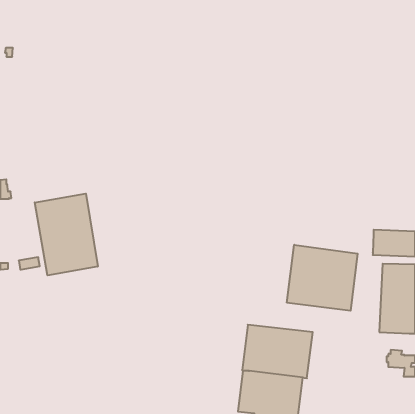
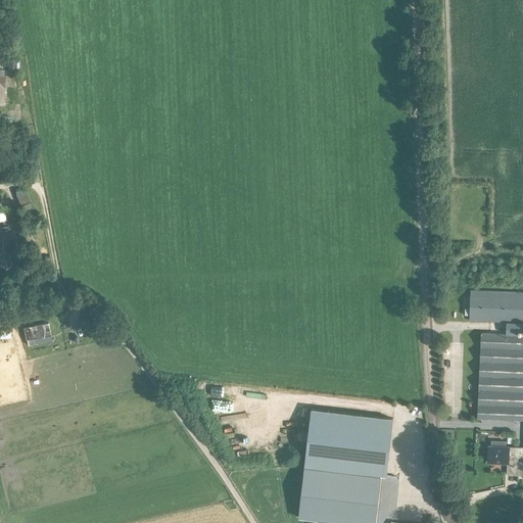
building: [35,194,98,275] -> none
building: [287,245,358,311] -> none

